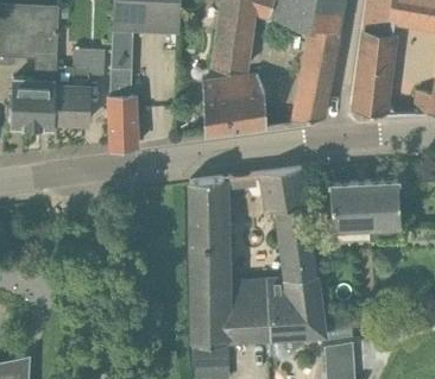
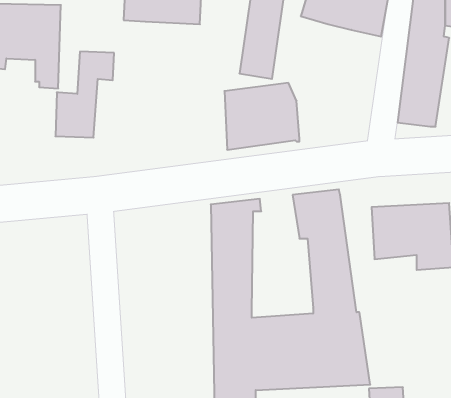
building: [109,21,137,151] -> none
building: [295,30,338,121] -> none
building: [11,80,56,128] -> none

